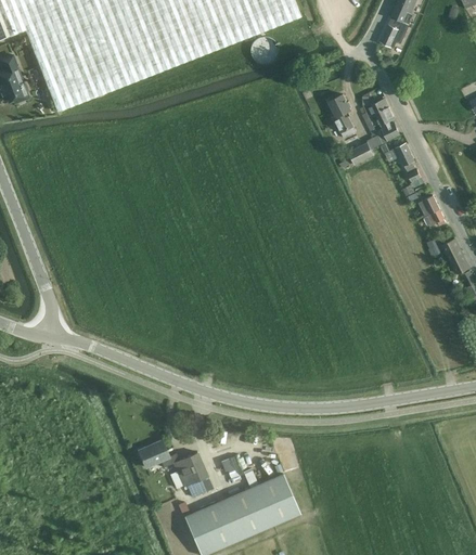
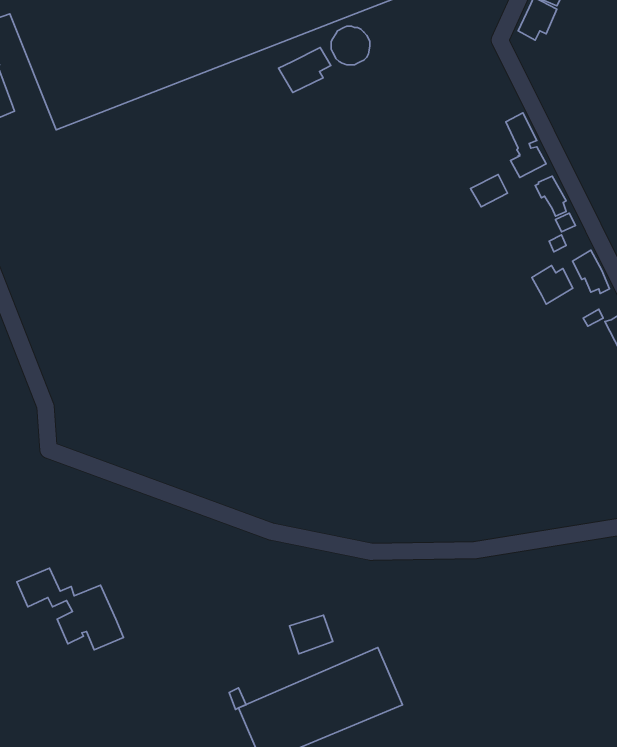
building: none -> [279,47,331,93]
building: [329,94,356,138] -> none
building: none -> [532,266,573,304]
building: [138,440,213,498] -> [17,568,124,650]

